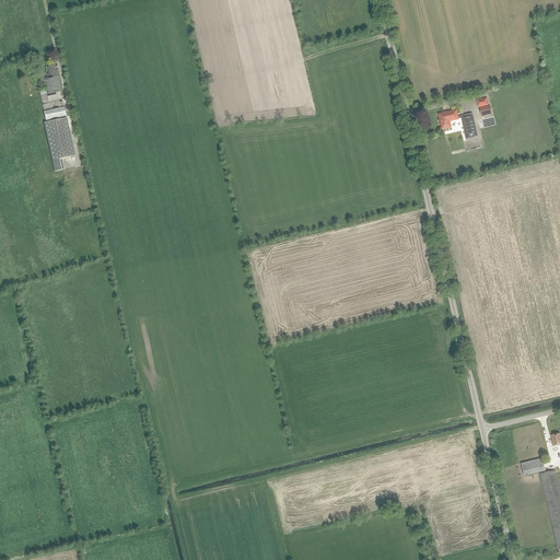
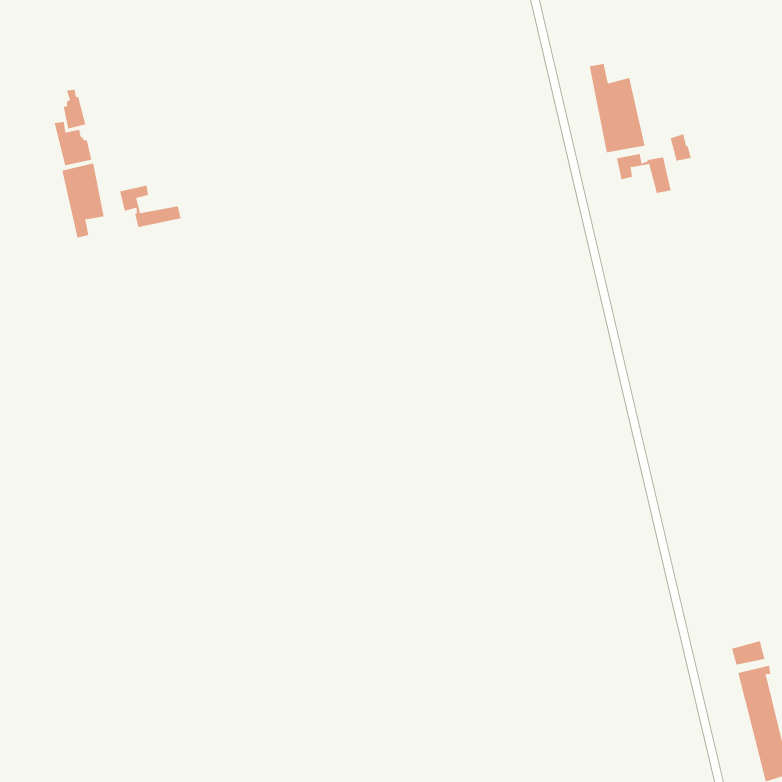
building: none -> [589,63,645,153]
building: none -> [119,185,181,228]

